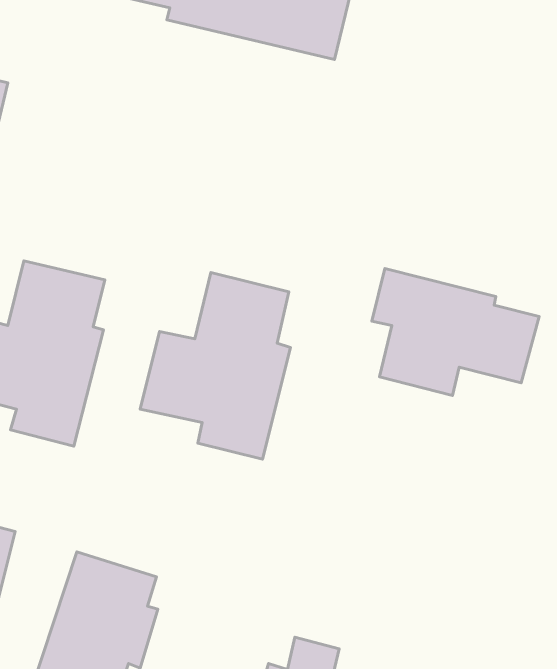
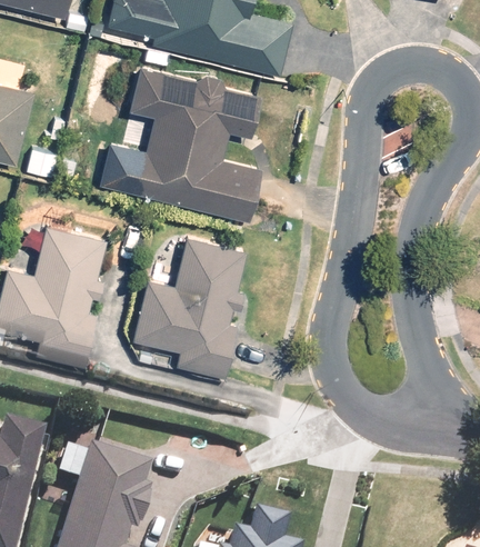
building: none -> [112,66,258,220]
building: [372,269,539,395] -> none

